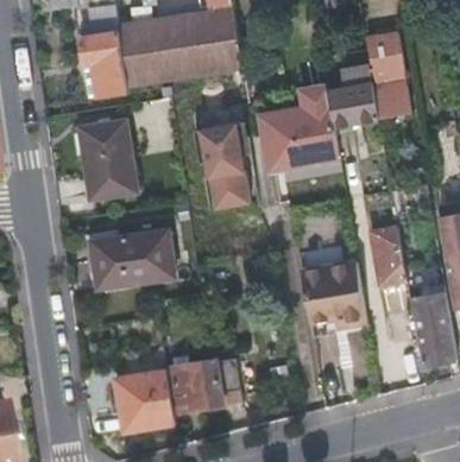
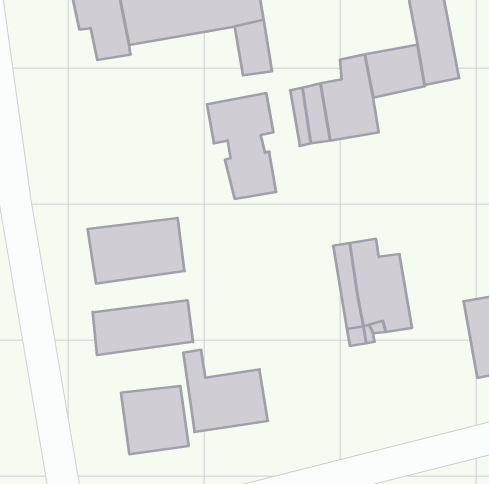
building: [78,120,139,200] -> none
building: [372,224,408,285] -> none
building: none -> [93,300,193,355]

